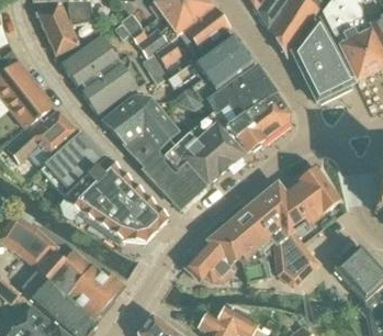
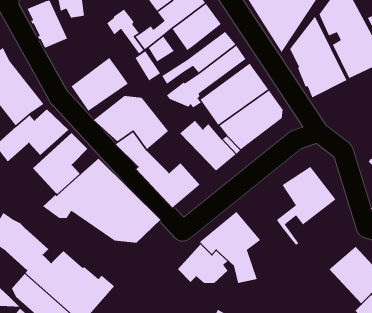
building: [61,36,119,89] -> none
building: [155,135,223,186] -> none
building: [243,182,319,288] -> none

